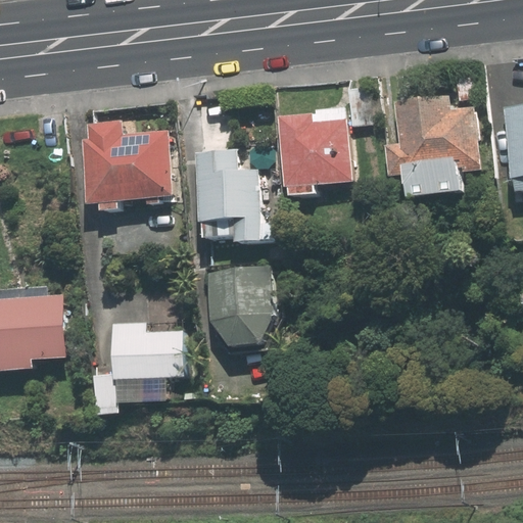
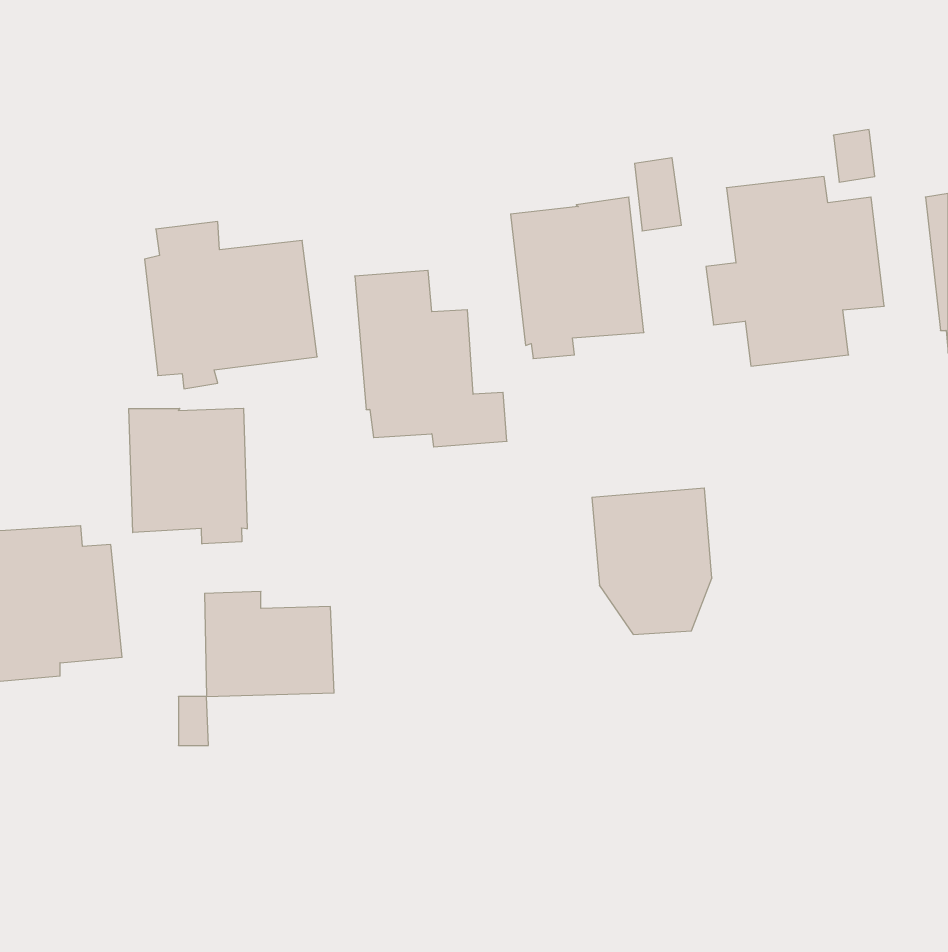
building: none -> [129,408,247,544]
building: [208,269,274,348] -> [592,488,712,634]

